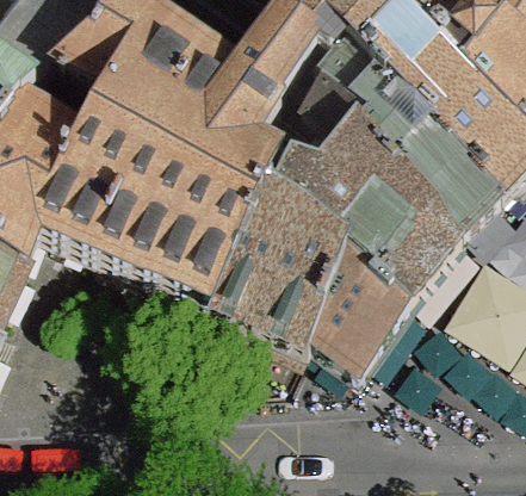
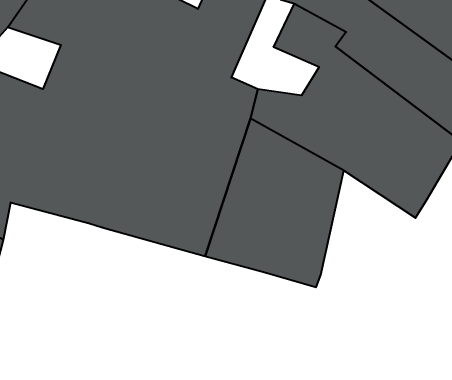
building: [316,249,411,374] -> none

